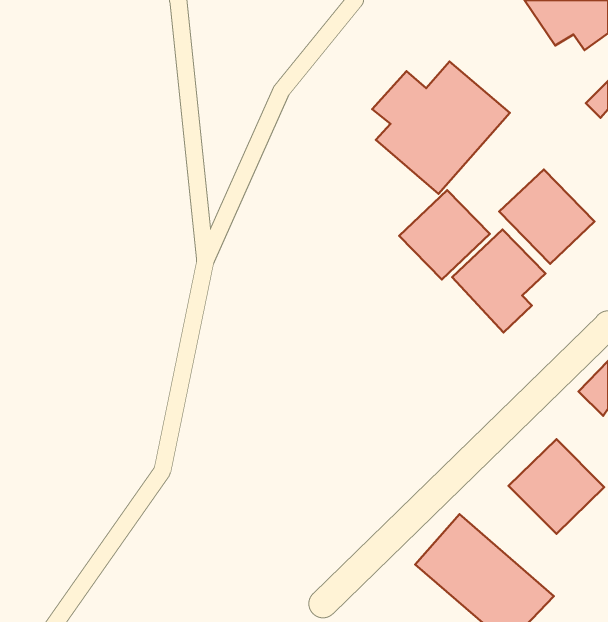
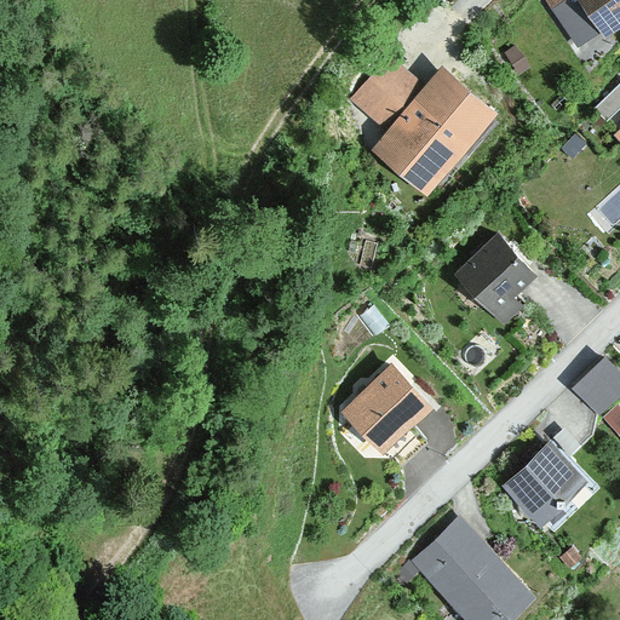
building: [499,169,595,264] -> none
building: [399,190,490,279] -> none
building: none -> [337,362,435,460]

